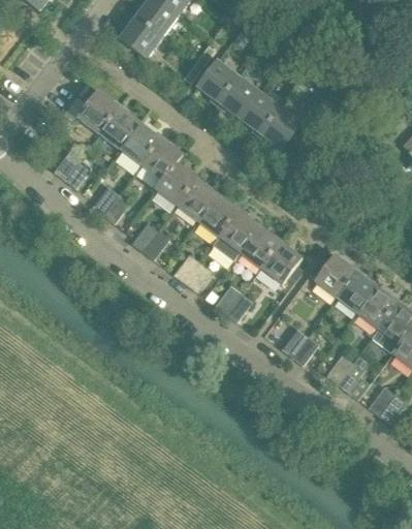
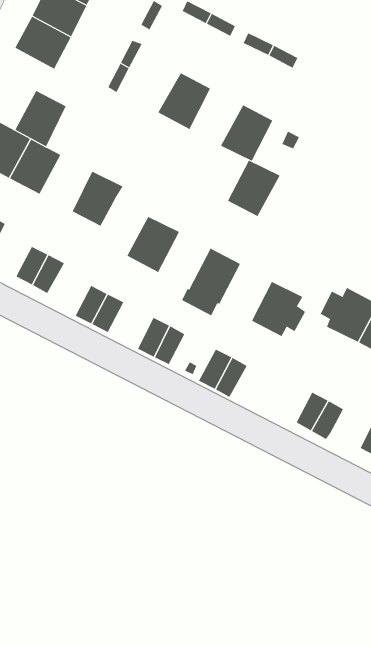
building: [196,59,239,102] -> none
building: [239,91,281,134] -> [227,160,280,217]
building: [120,122,161,165] -> [14,90,66,147]
building: [155,161,197,205] -> none
building: [198,193,240,237] -> none
building: [240,224,281,268] -> none

